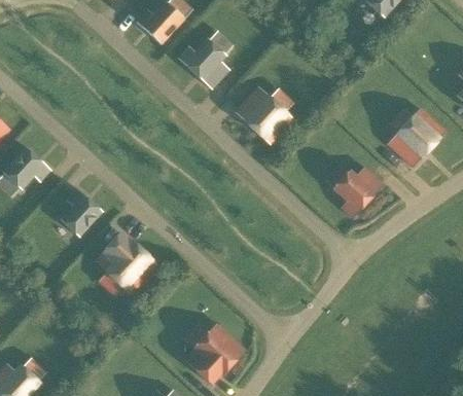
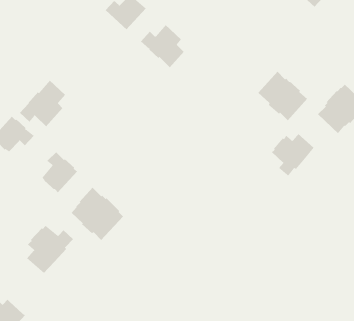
building: [234,84,293,144] -> [257,71,308,121]
building: none -> [19,80,66,127]
building: none -> [26,225,74,274]
building: [183,322,246,384] -> none

